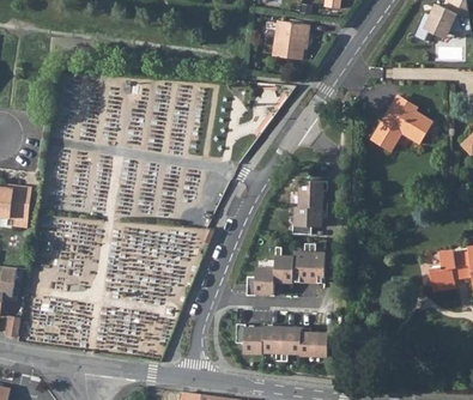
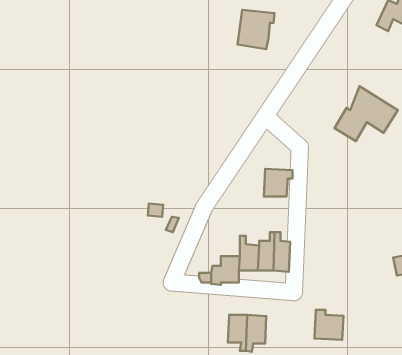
building: [293,207,322,235] -> none
building: [237,323,265,354] -> none
building: [301,327,329,357] -> [315,310,343,340]

